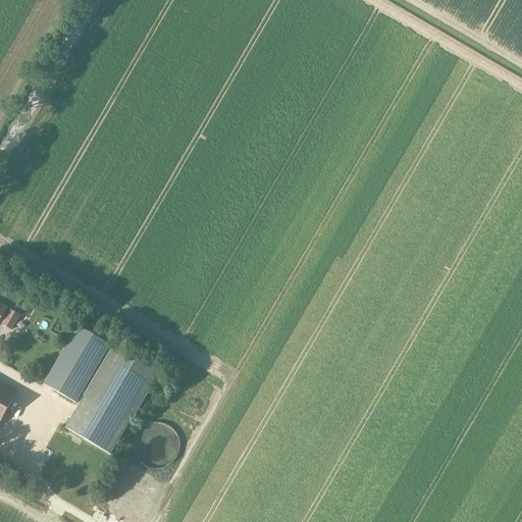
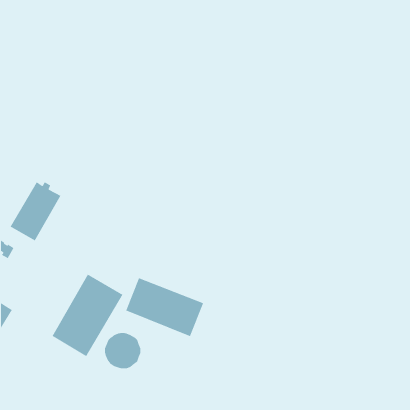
building: [43,325,109,402] -> [9,181,62,241]
building: none -> [125,277,204,337]

